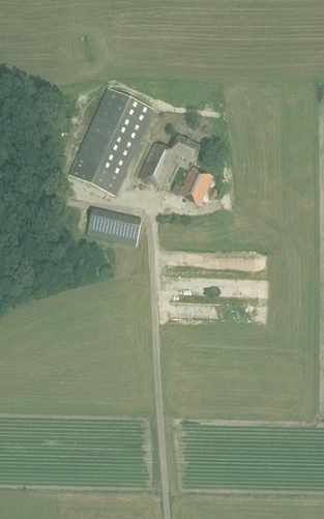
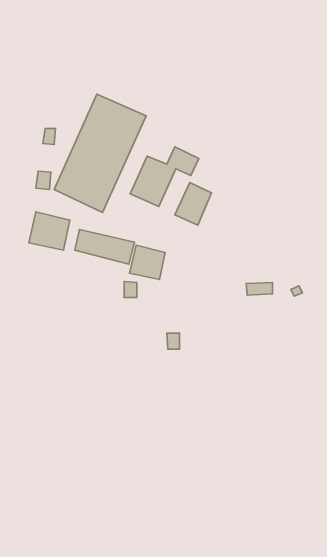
building: none -> [29,212,70,250]
building: none -> [130,245,165,280]

